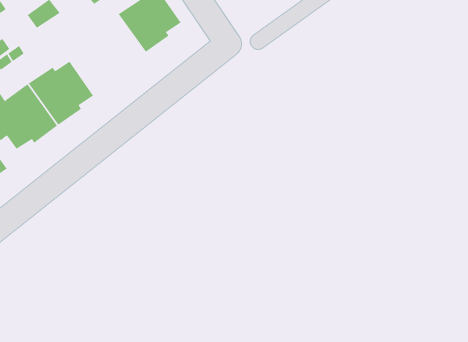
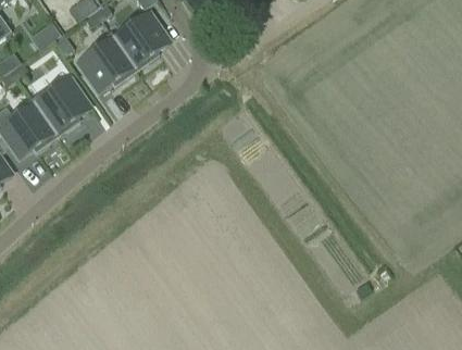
building: none -> [77,30,137,90]

